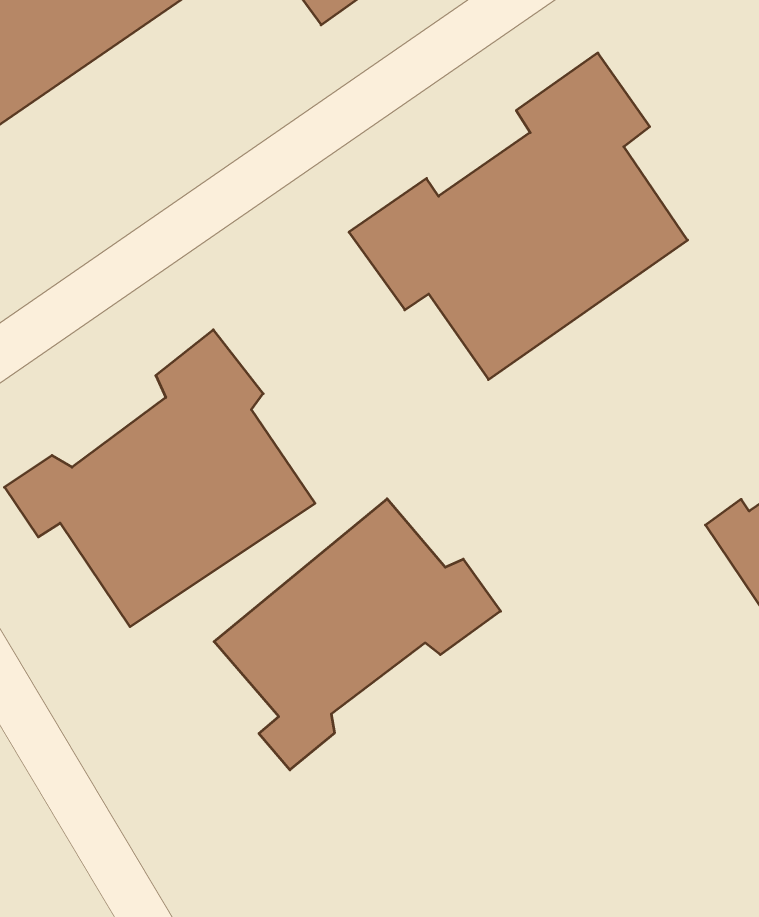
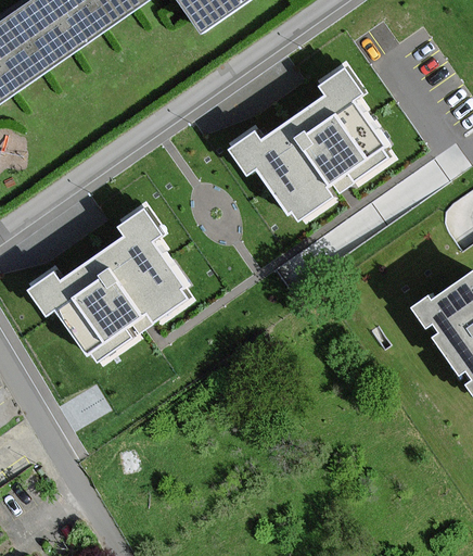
building: [214,499,501,770] -> none

